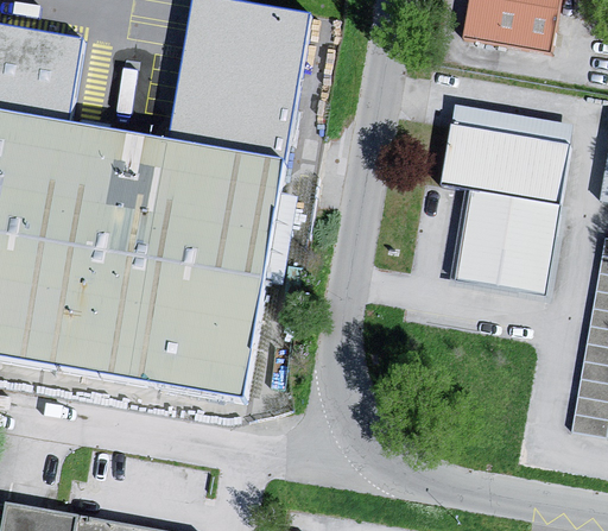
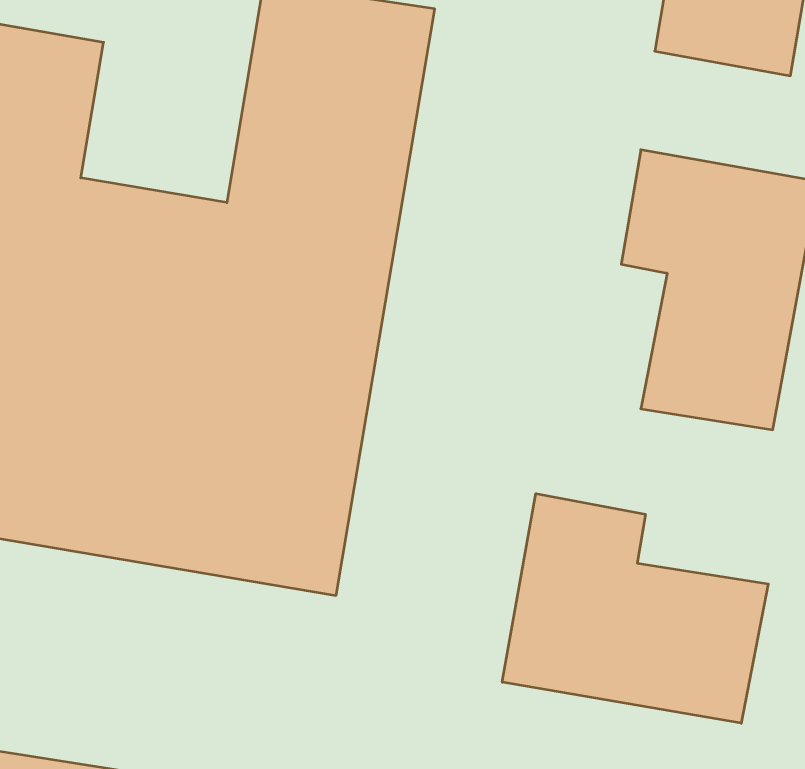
building: none -> [502,494,768,723]

